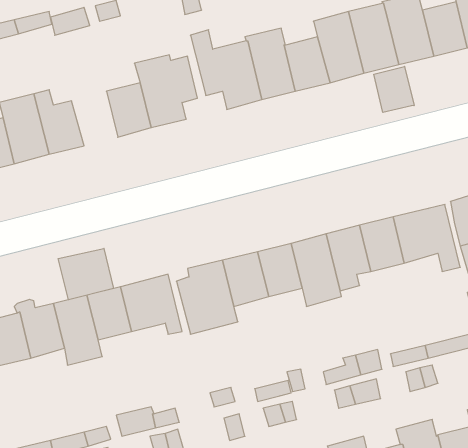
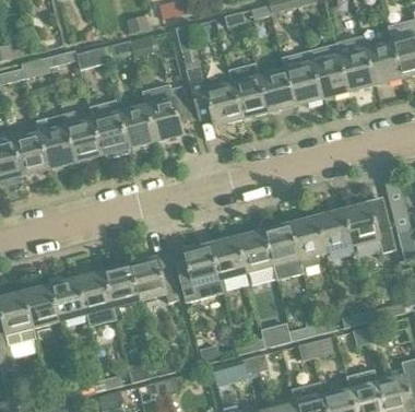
building: [374,66,414,112] -> none
building: none -> [90,99,130,155]
building: [58,248,113,300] -> none

